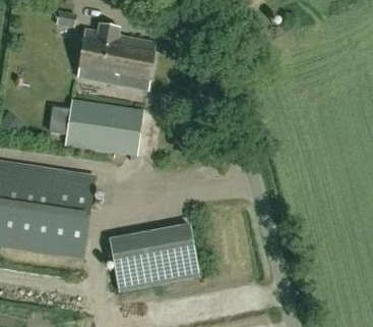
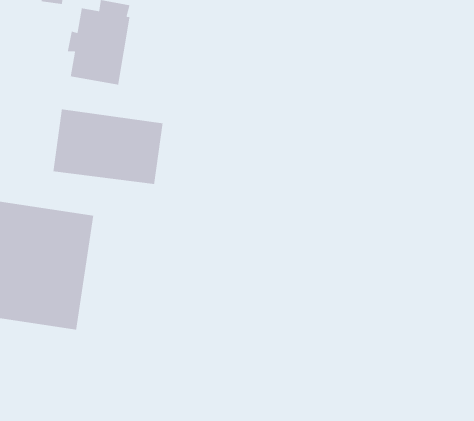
building: [111,35,153,90] -> none
building: [108,224,197,288] -> none

